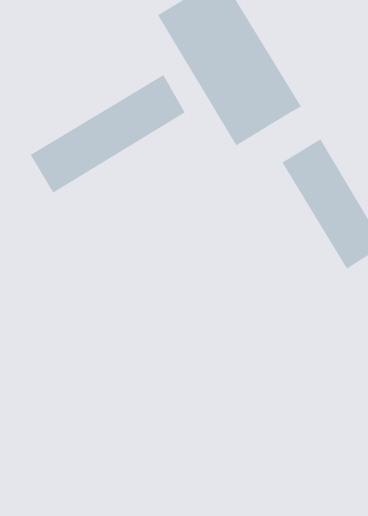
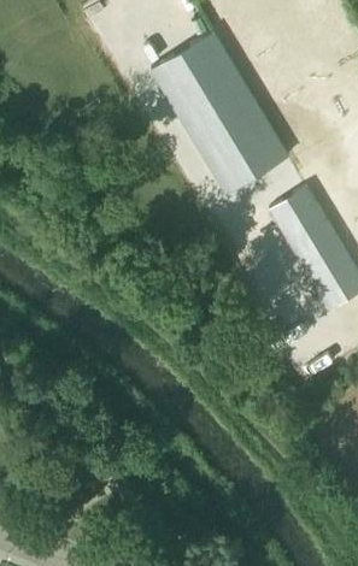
building: [30,74,185,194] -> none

